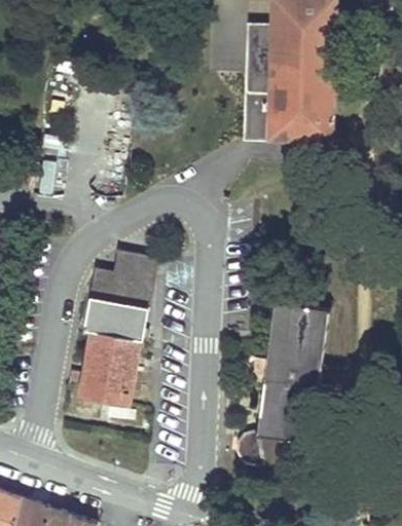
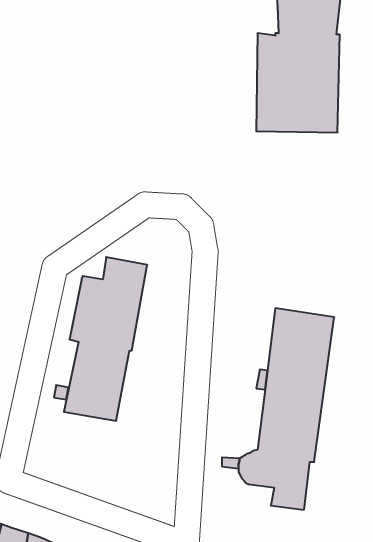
building: [245,22,277,137] -> none

